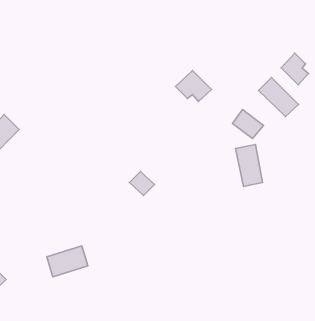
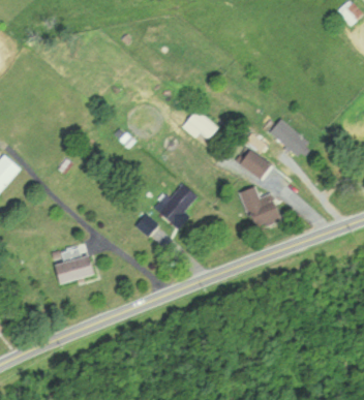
building: [281,53,308,85] -> none
building: none -> [158,181,199,225]
building: [47,246,88,277] -> [55,253,97,285]

